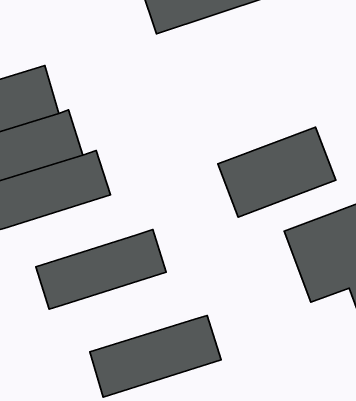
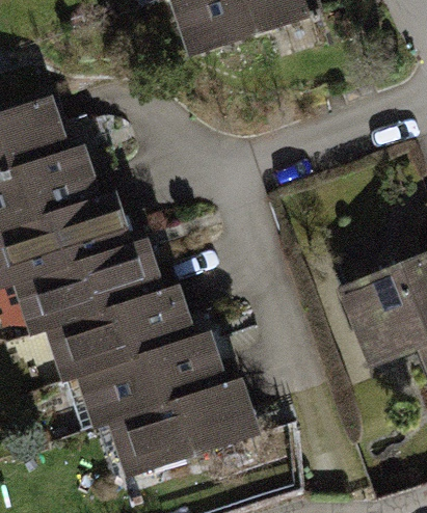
building: [218,127,336,217] -> none
building: none -> [7,239,163,334]
building: none -> [77,330,231,432]

